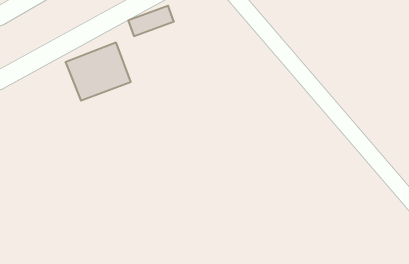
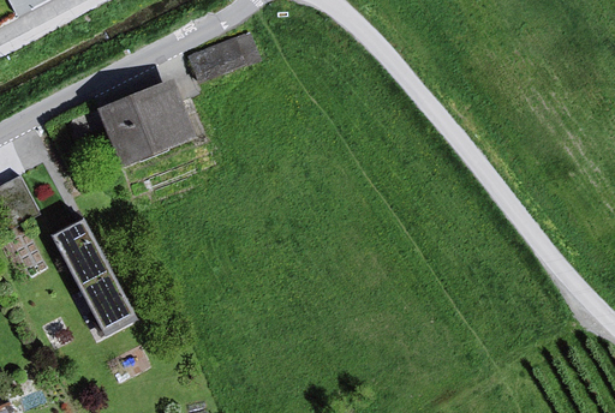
building: none -> [54,222,131,330]

